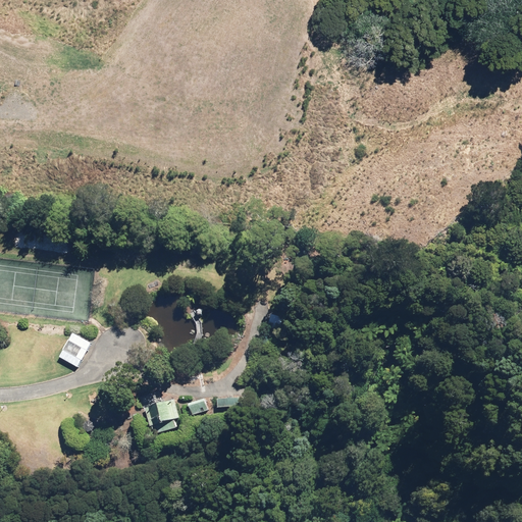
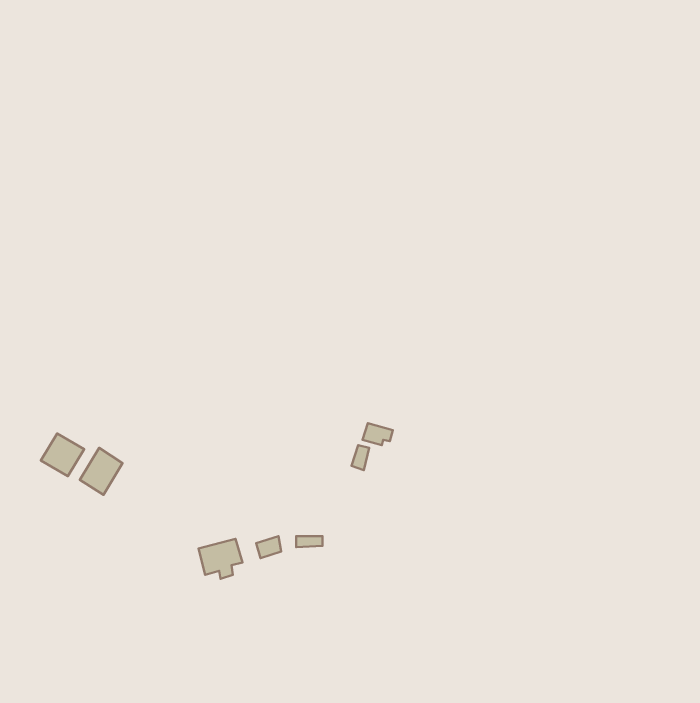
building: none -> [41,434,84,476]

